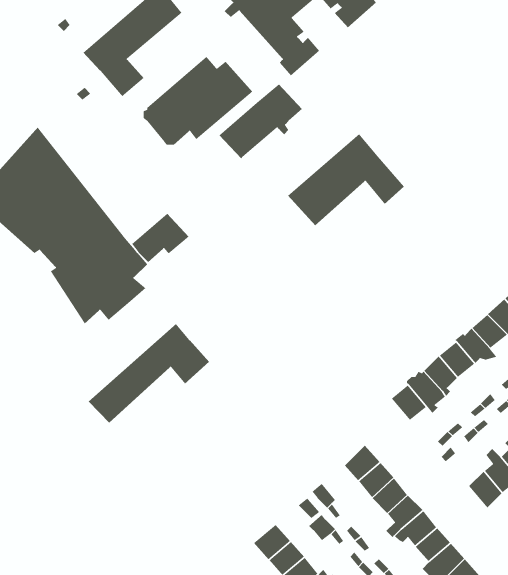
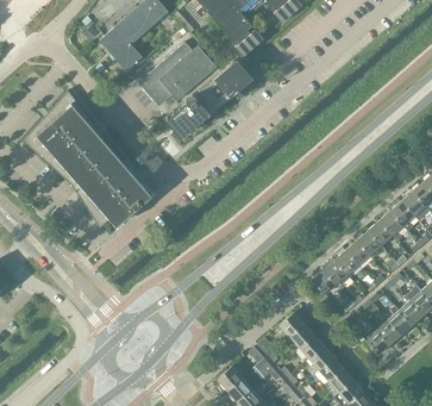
building: [287,133,405,226] -> none
building: [131,213,190,263] -> [168,98,208,132]
building: [88,323,210,423] -> none

